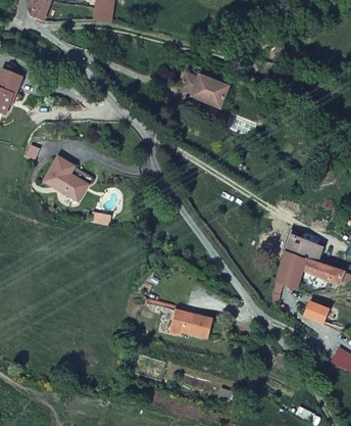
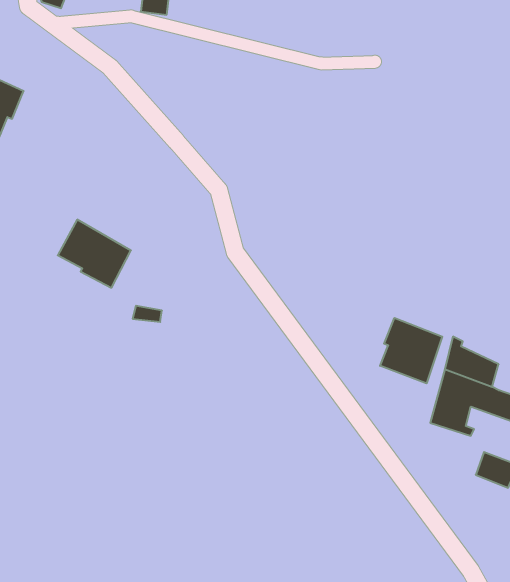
building: [179,74,229,109] -> none
building: none -> [380,318,442,383]
building: [169,307,214,339] -> none

